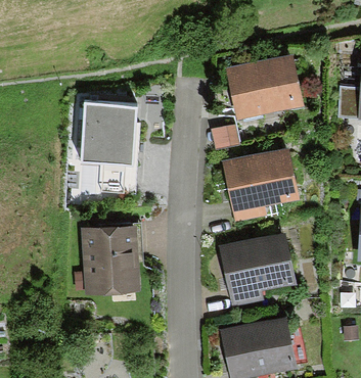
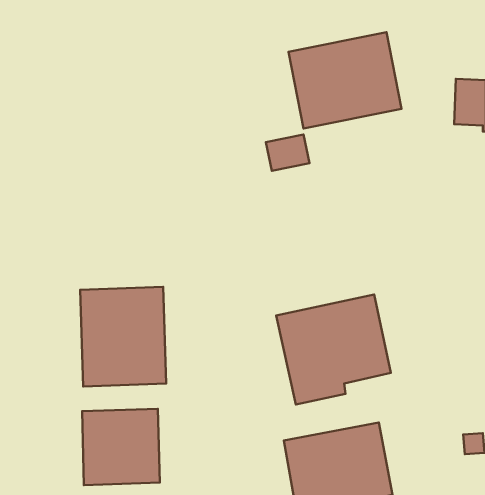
building: [78,101,132,161] -> none
building: [220,146,297,223] -> none
building: none -> [82,409,160,485]

